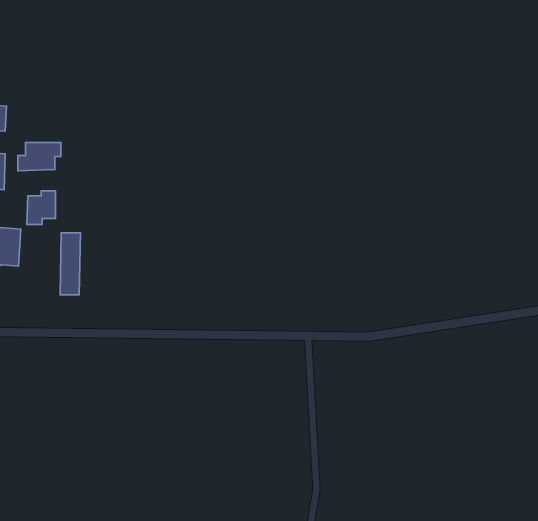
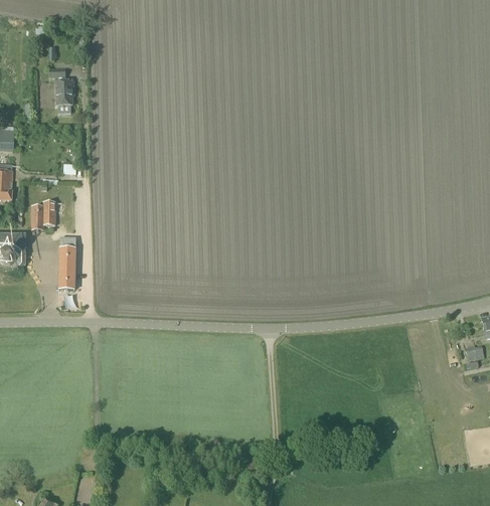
building: none -> [50,68,73,105]
building: [18,142,61,171] -> none

